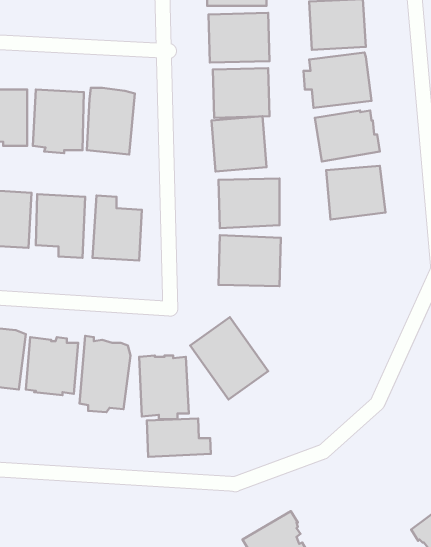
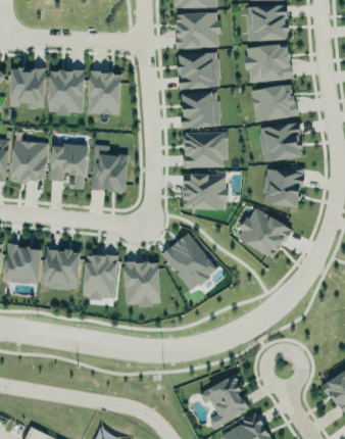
building: none -> [261,166,304,207]
building: none -> [237,208,290,258]
building: [147,418,211,457] -> none

